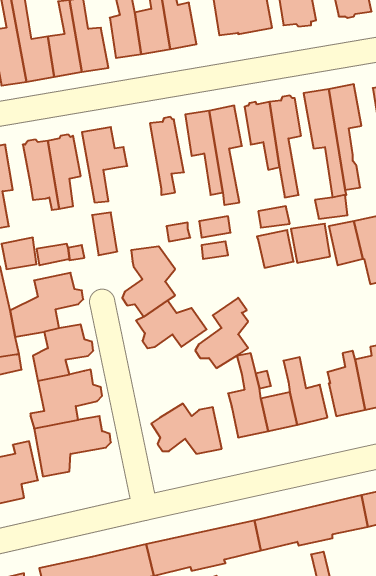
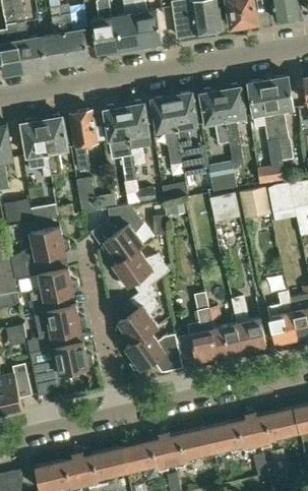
building: none -> [103,107,136,182]
building: [195,298,248,368] -> [114,288,157,345]

